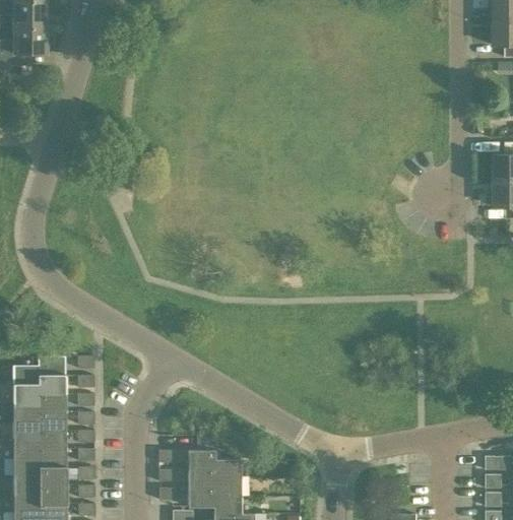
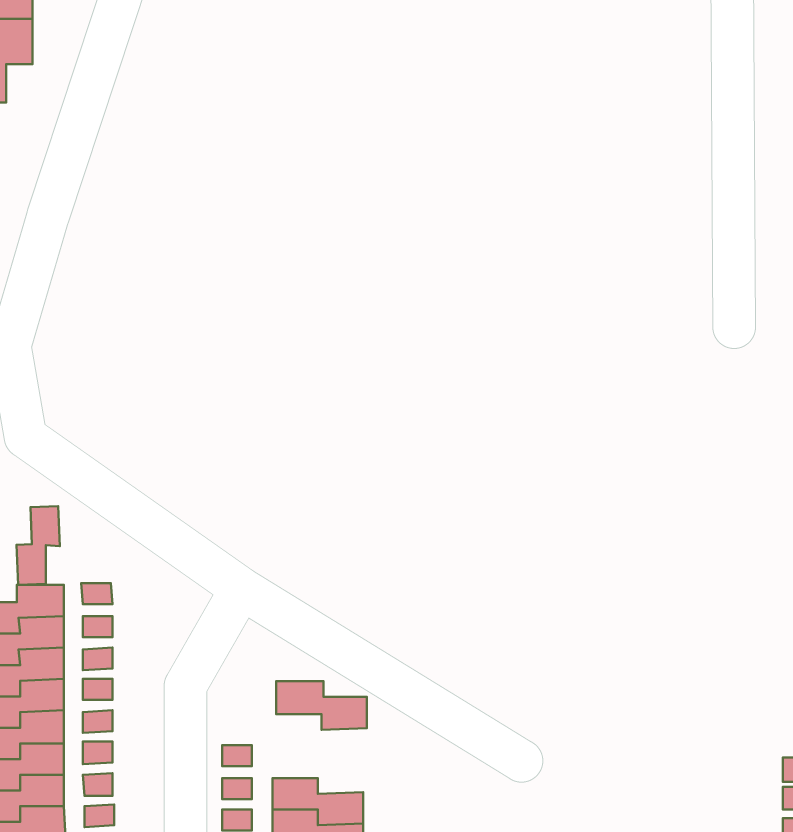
building: none -> [17,506,60,585]
building: [188,451,241,479] -> [276,681,367,730]

